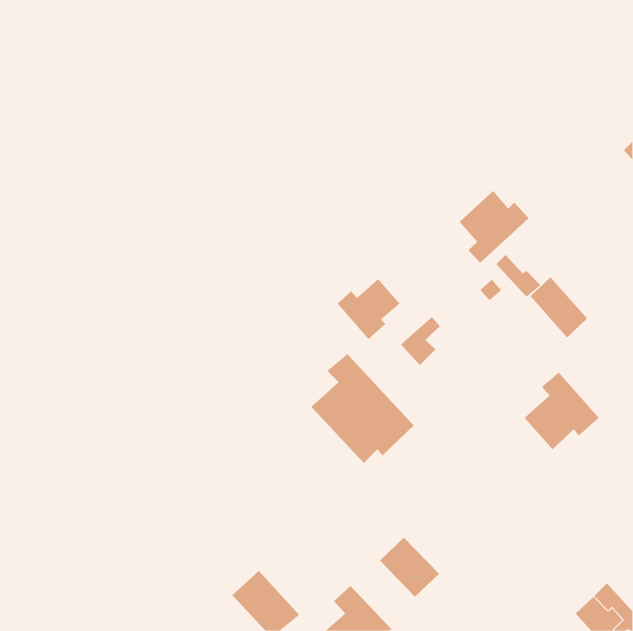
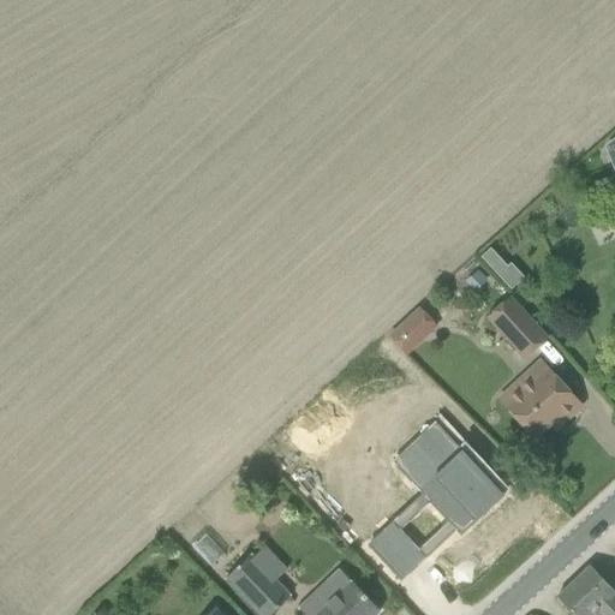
building: [459,190,529,263] -> none
building: [530,276,588,338] -> [489,295,545,356]
building: [337,279,401,340] -> none
building: [310,354,414,464] -> [406,424,507,531]

